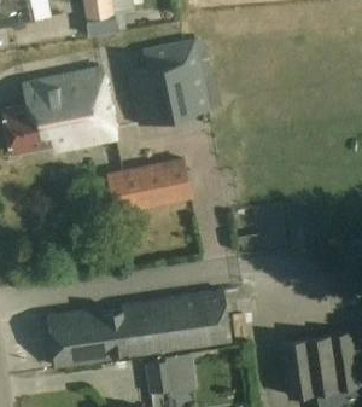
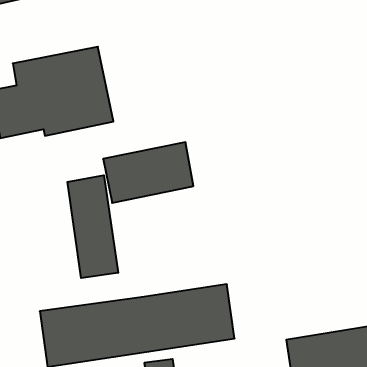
building: [128,39,211,124] -> none
building: none -> [67,175,118,278]

